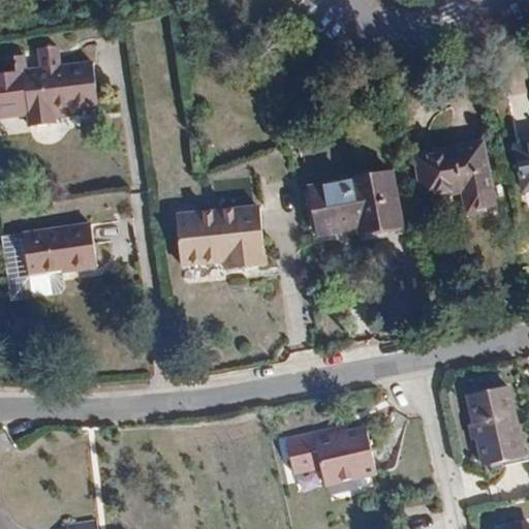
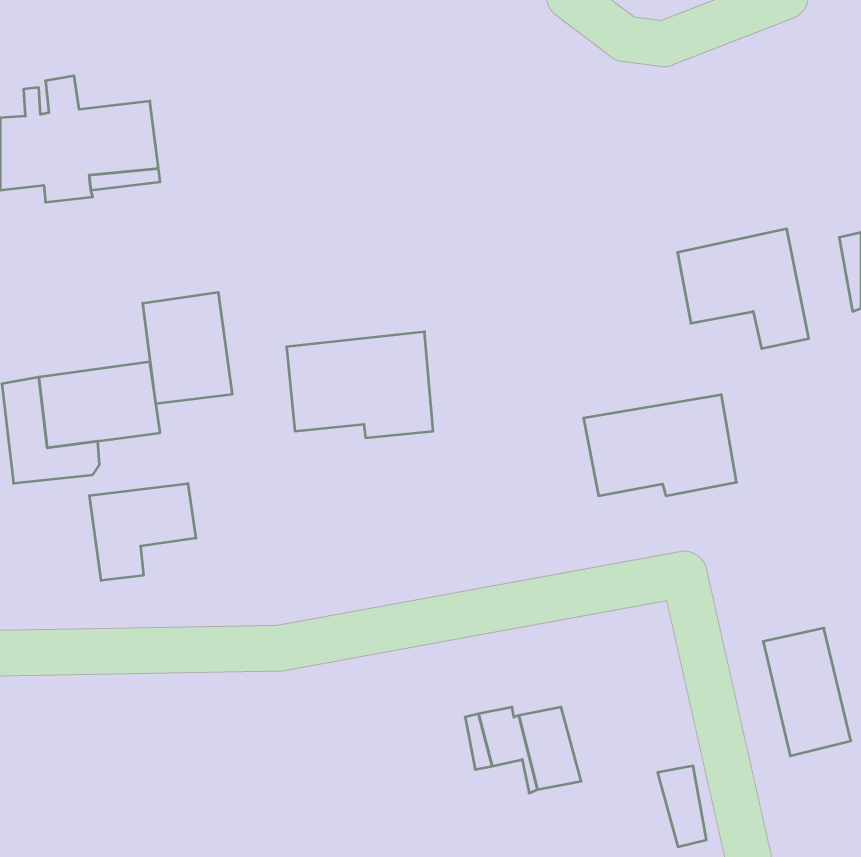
building: [309,172,403,234] -> [583,395,737,496]
building: none -> [143,292,232,404]
building: none -> [90,483,196,581]
building: [344,430,374,479] -> [658,766,706,847]

